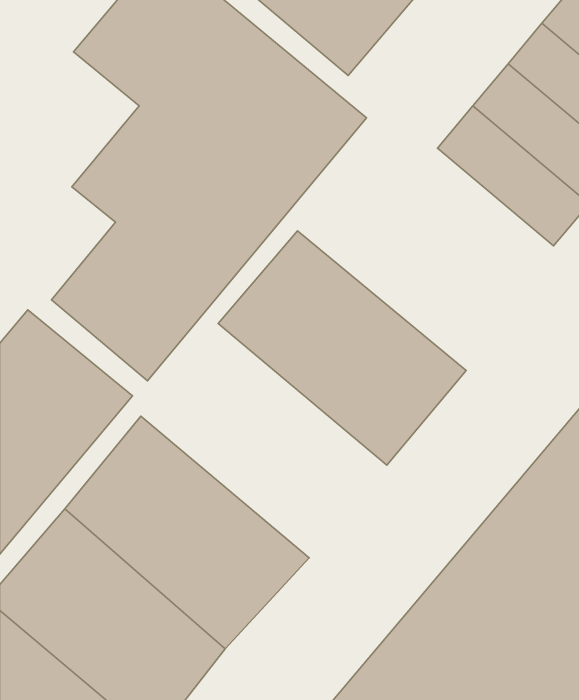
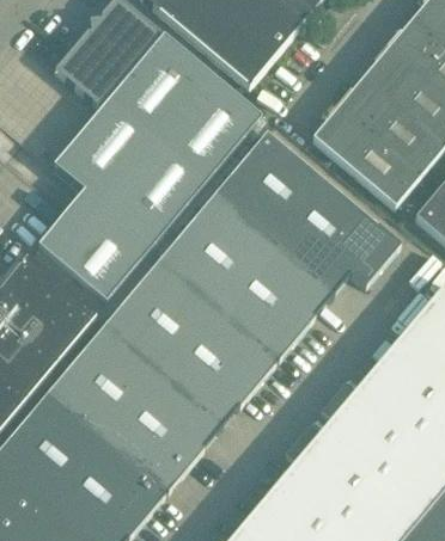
building: none -> [212,133,400,296]
building: none -> [100,263,275,429]

